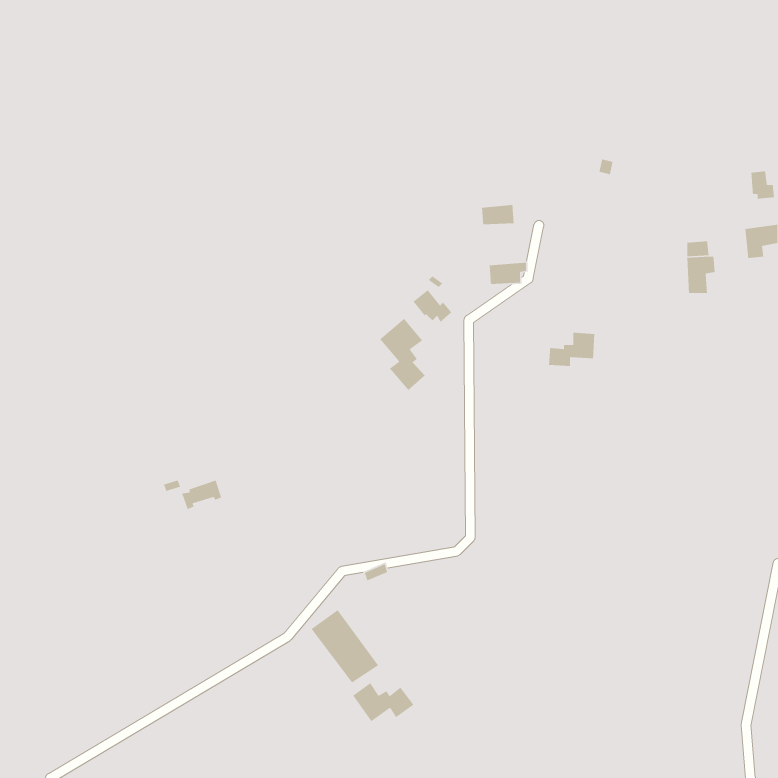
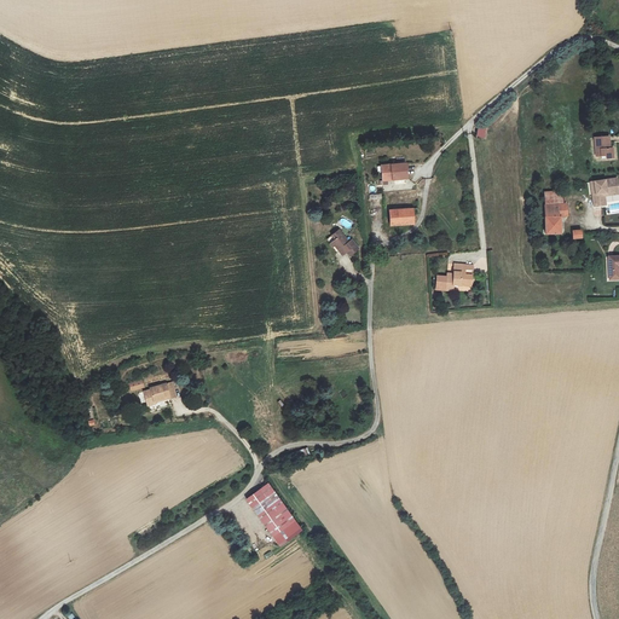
building: [379,318,425,391] -> none
building: [352,682,414,722] -> none

